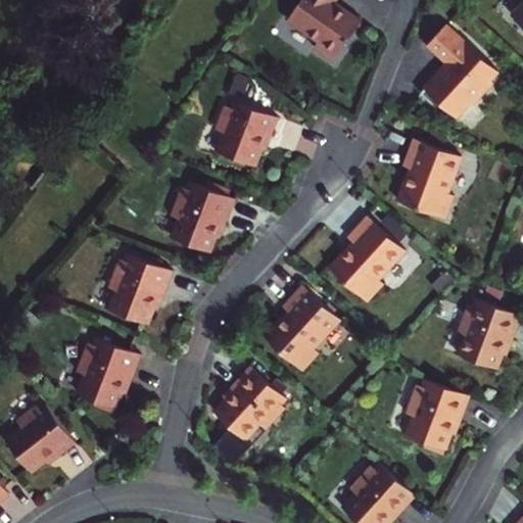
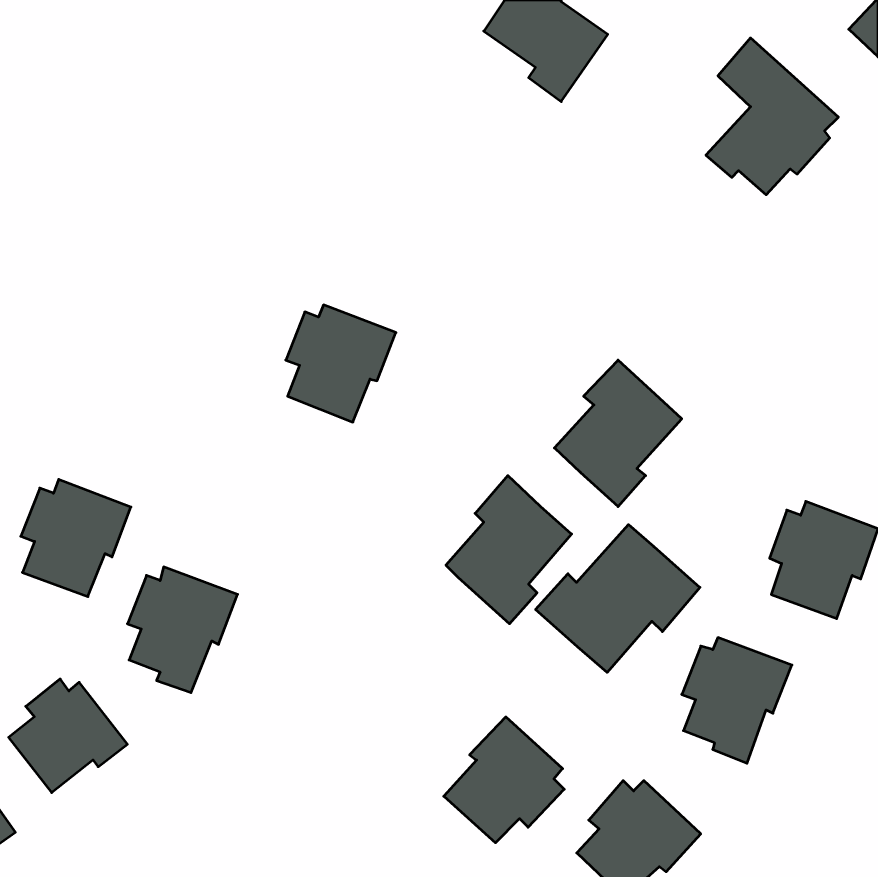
building: [215,101,278,165] -> none
building: [397,139,461,220] -> none
building: [107,254,173,324] -> [21,479,131,597]
building: none -> [536,525,700,672]
building: [213,366,285,440] -> [444,717,564,843]

